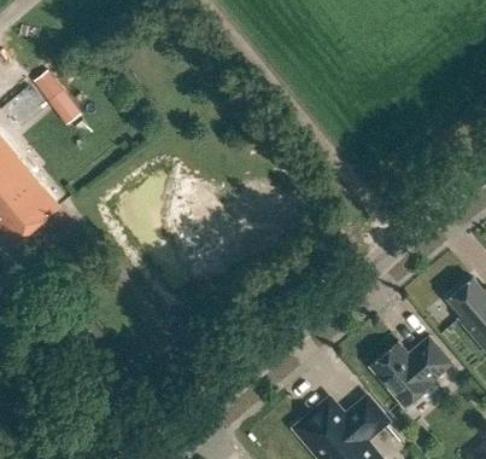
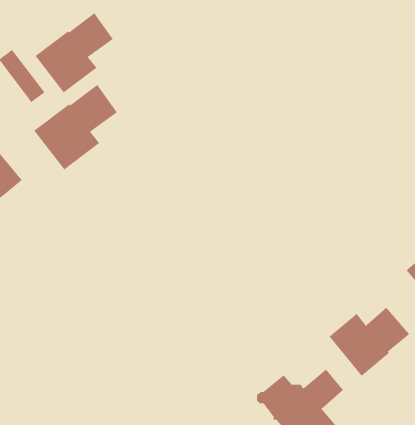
building: none -> [34,12,114,94]
building: none -> [33,84,118,171]

